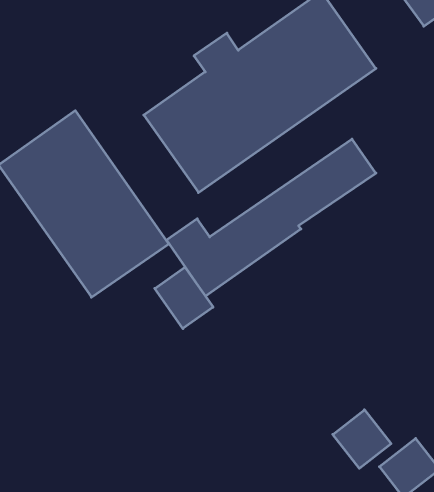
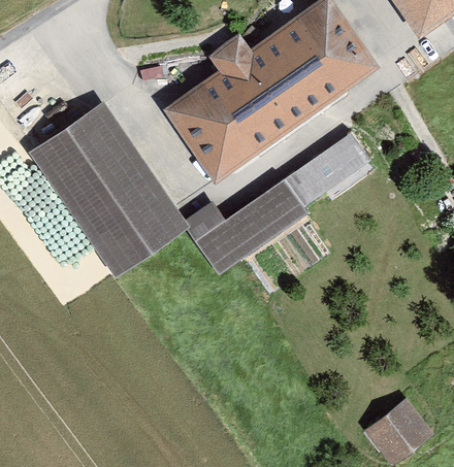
building: [155,267,213,329] -> none
building: [333,410,391,468] -> none

